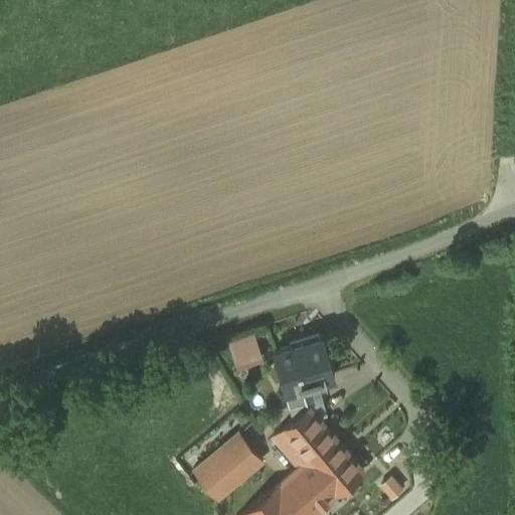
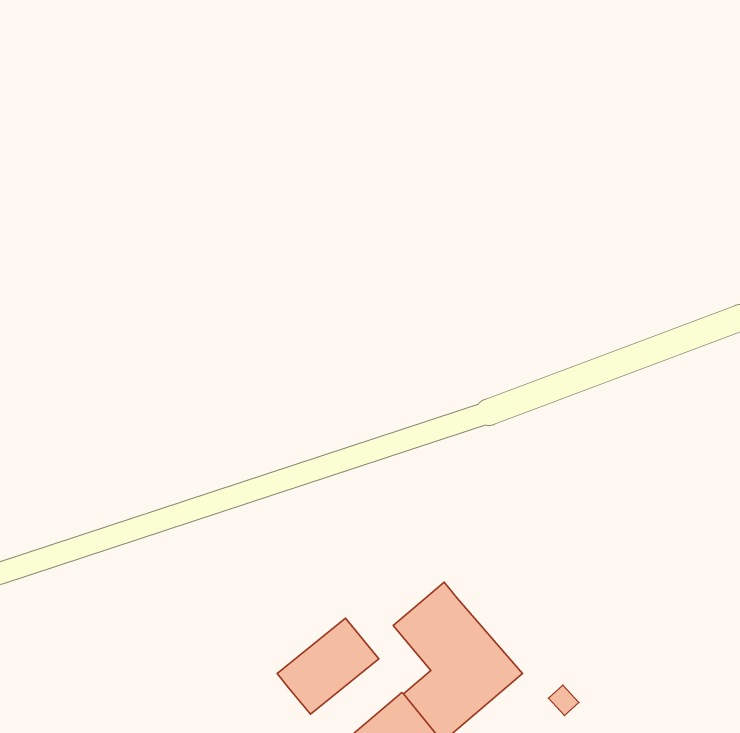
building: [226,334,262,371] -> none
building: [274,339,334,421] -> none

